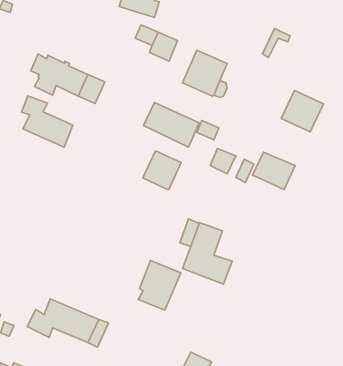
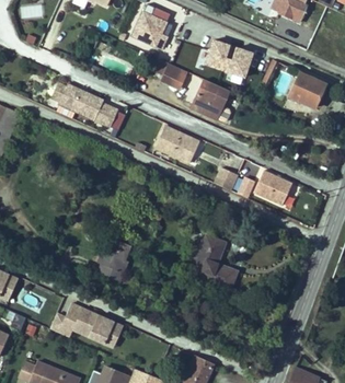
building: none -> [207,39,255,84]
building: [281,91,324,132] -> [289,71,327,108]
building: [22,96,73,147] -> none
building: [143,151,181,190] -> none
building: [138,261,181,310] -> [97,236,136,281]

